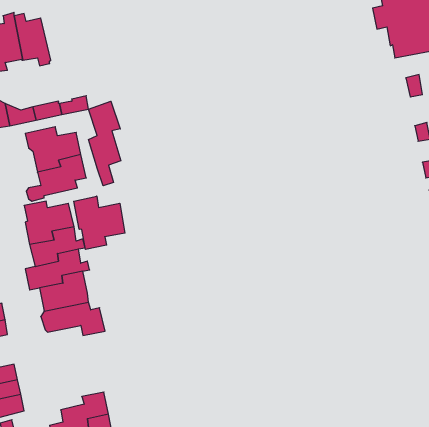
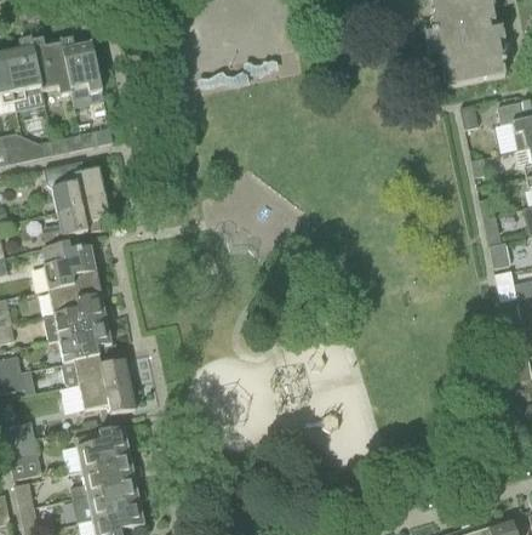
building: none -> [61,39,102,96]
building: [88,101,121,186] -> none
building: [74,196,125,249] -> none
building: none -> [68,380,136,417]
building: none -> [74,427,130,472]

